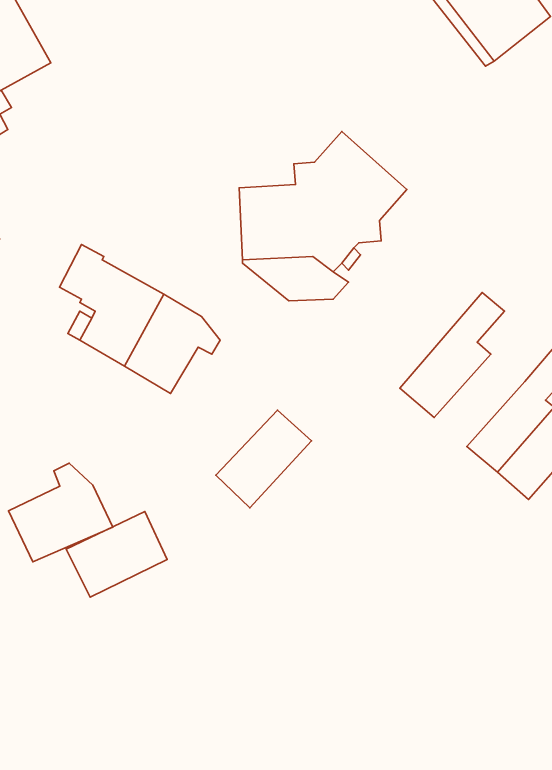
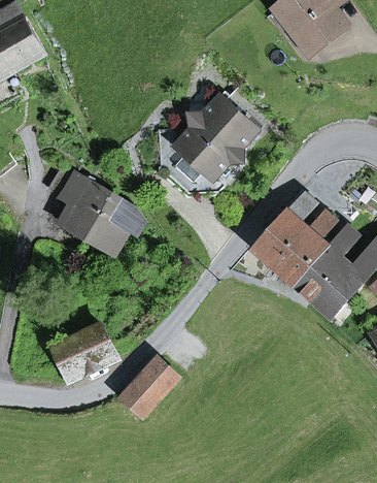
building: none -> [275,210,338,284]
building: [216,410,312,508] -> [122,357,179,416]
building: [8,463,113,562] -> none

